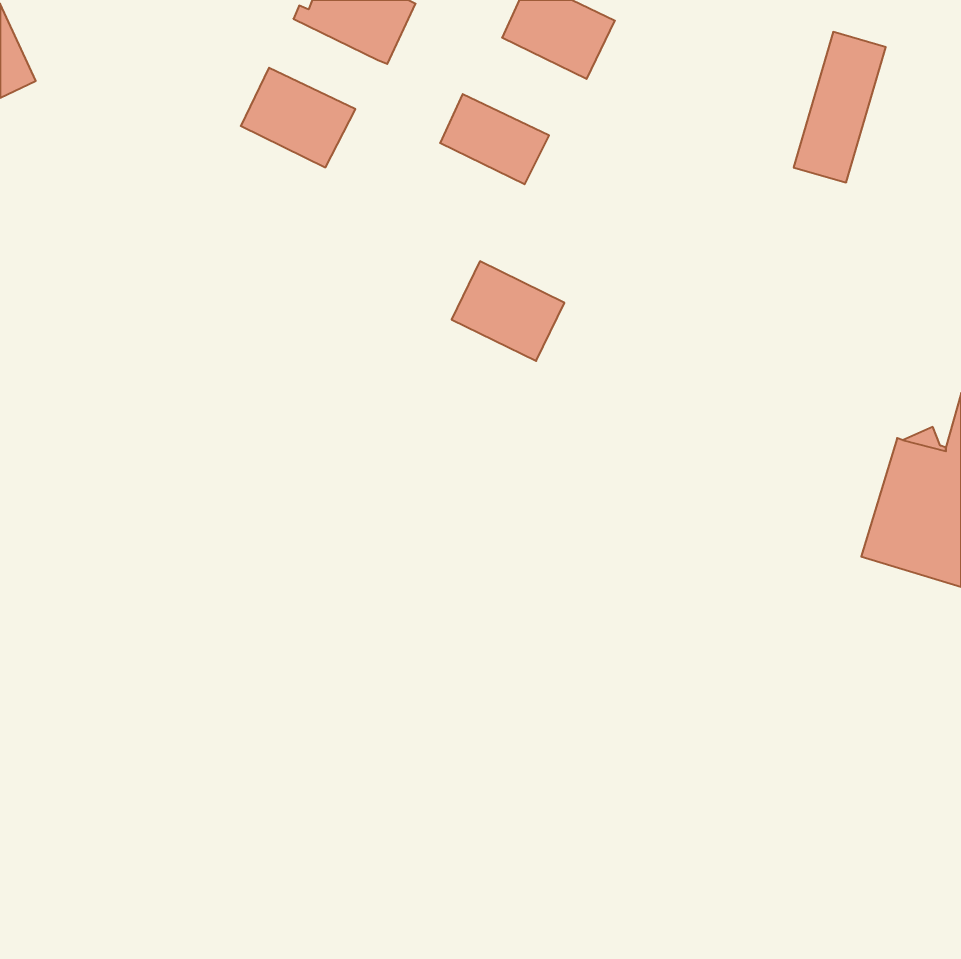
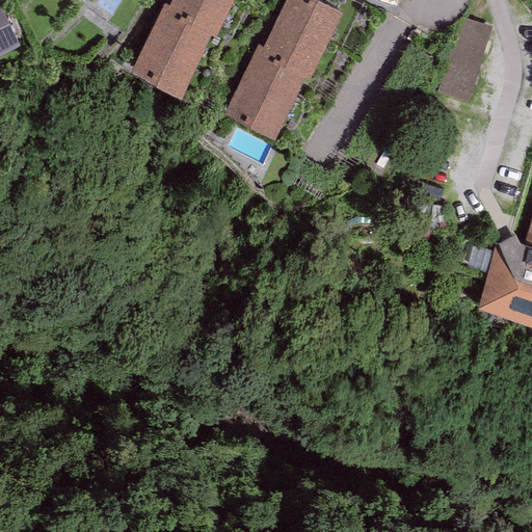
building: none -> [149,11,209,61]
building: none -> [256,22,324,78]
building: [452,261,564,361] -> [228,80,290,135]

